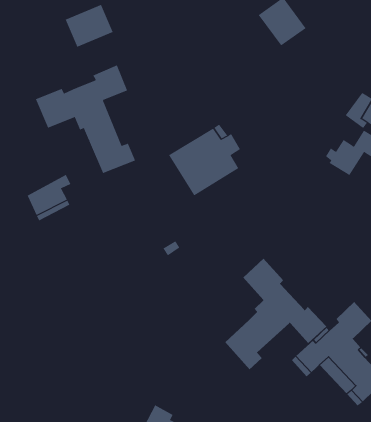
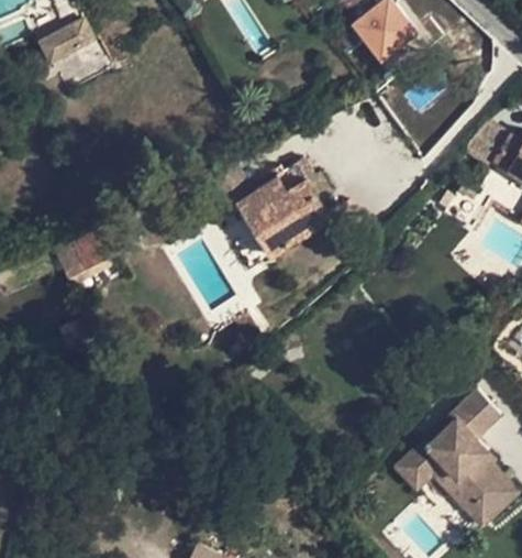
building: [65,4,113,48] -> [34,21,97,77]
building: [35,64,136,174] -> none
building: [224,258,327,370] -> none

